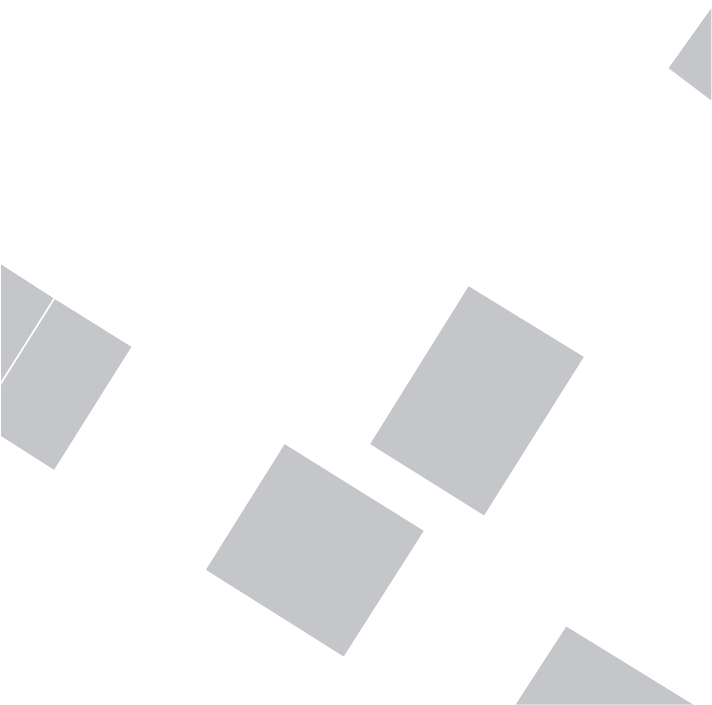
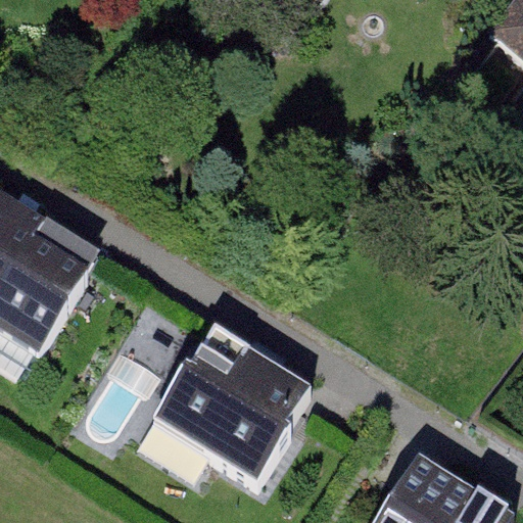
building: [369,285,585,516] -> none

